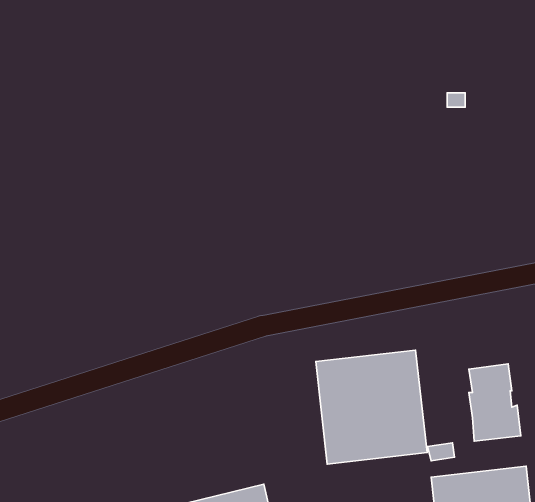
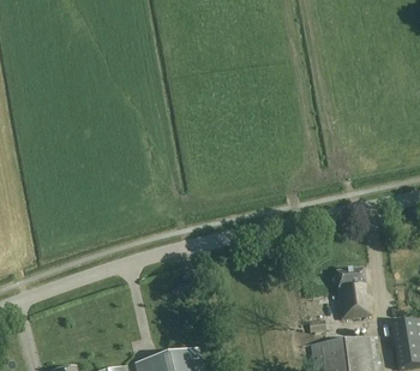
building: [316,350,427,464] -> none

